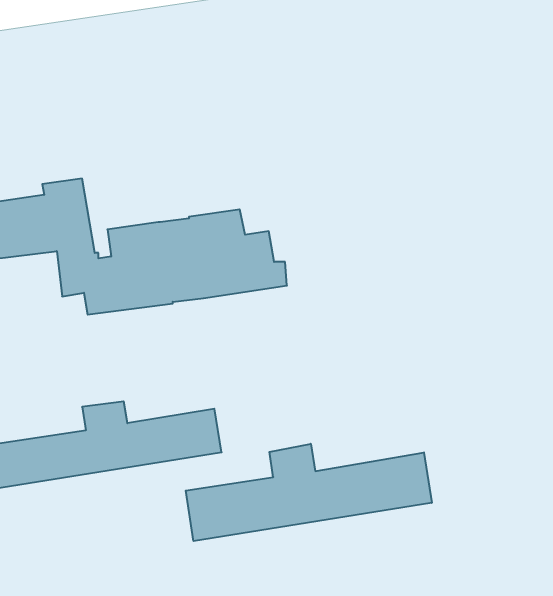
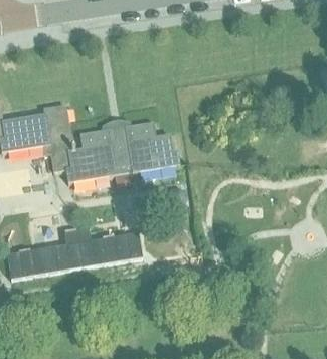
building: [186,444,432,541] -> none

